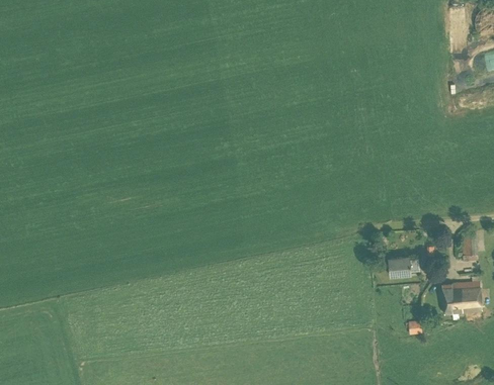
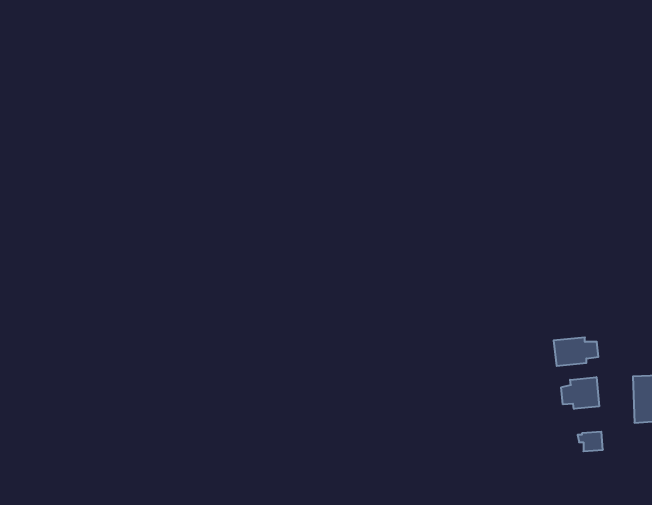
building: none -> [561,377,599,409]

